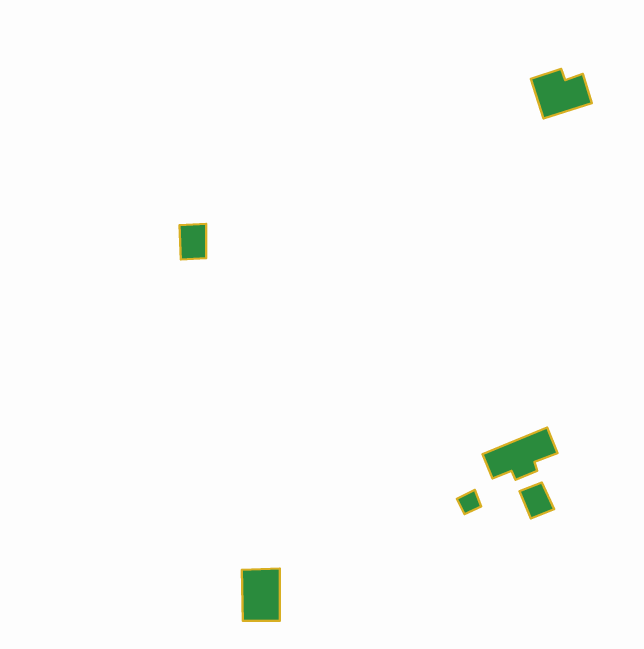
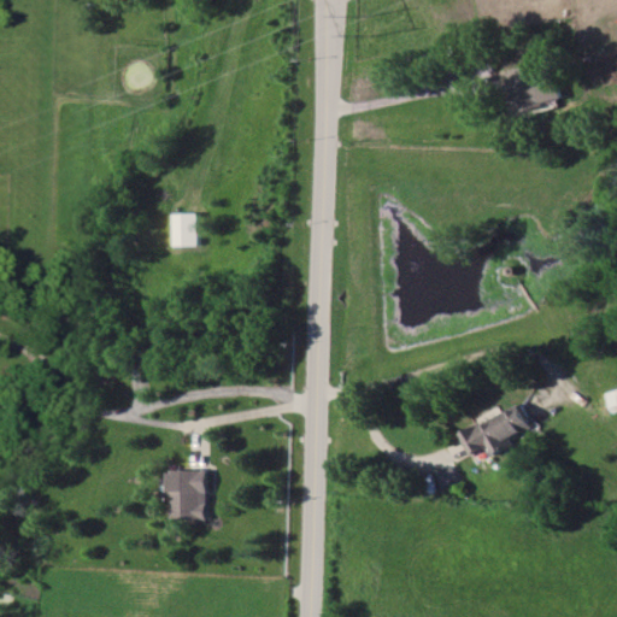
building: [520,482,554,518] -> none
building: [242,569,280,621] -> [169,470,205,519]

